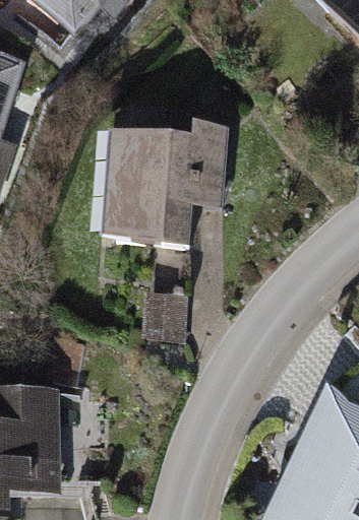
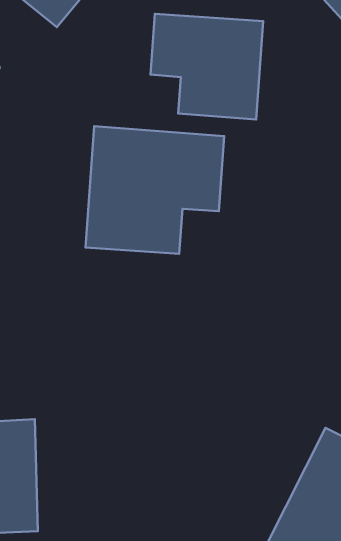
building: none -> [151,14,263,119]

